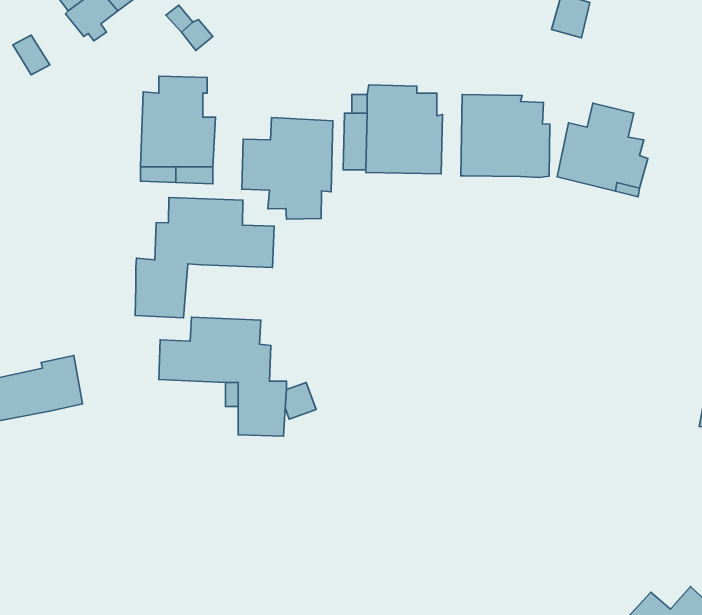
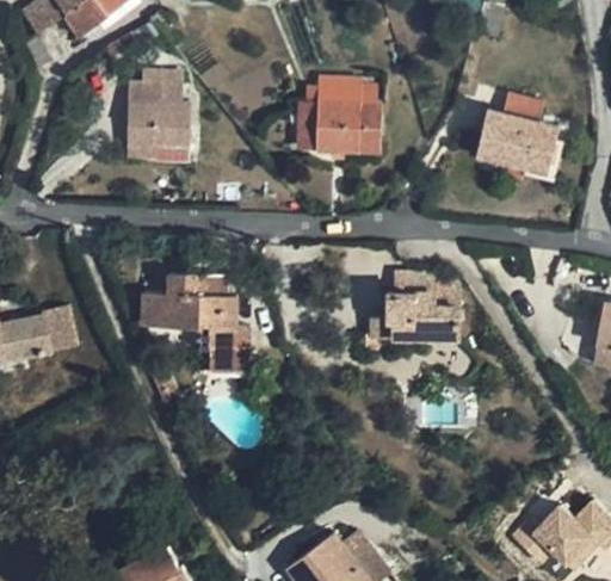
building: [461,95,550,177] -> none
building: [242,118,333,219] -> none
building: [135,197,274,318] -> none
building: none -> [379,273,465,338]

